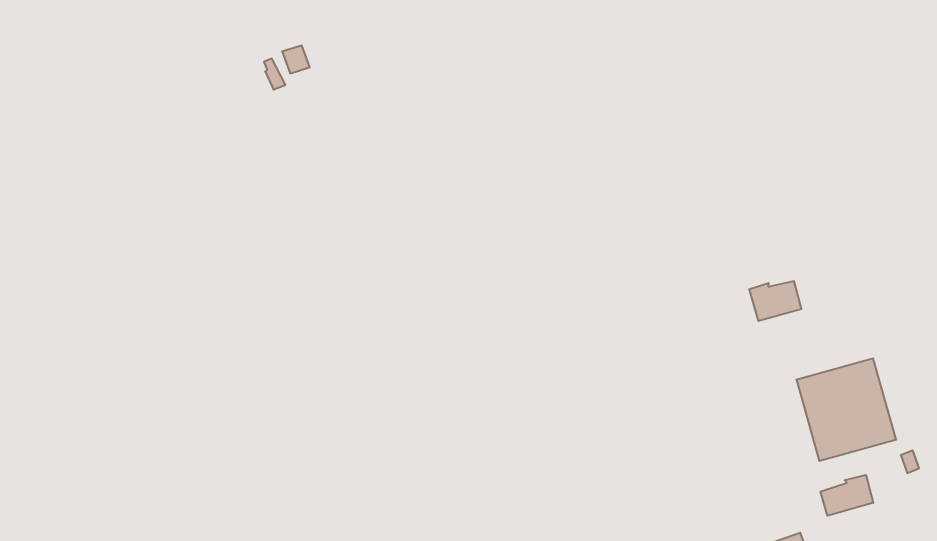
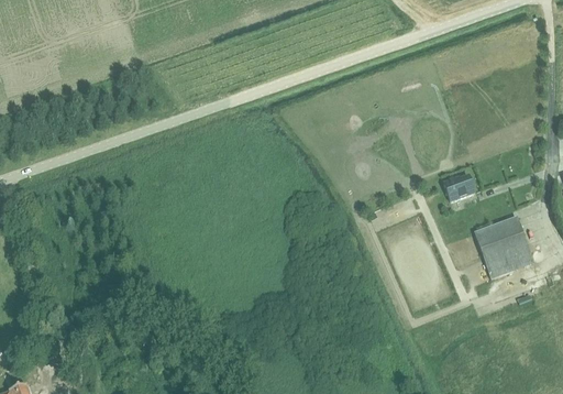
building: [821,475,873,516] -> none

